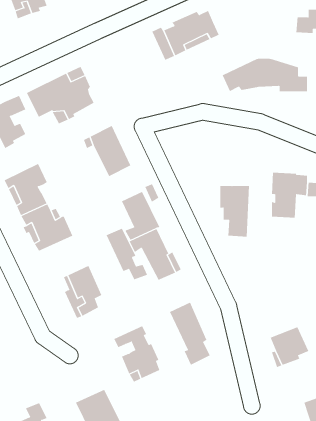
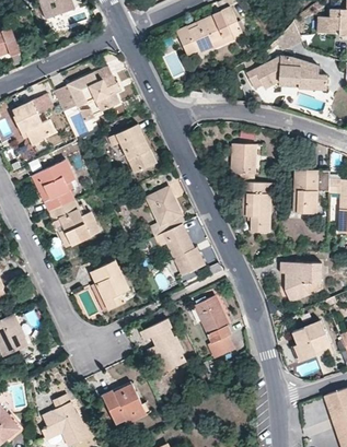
building: none -> [231,144,256,183]
building: [106,228,148,280] -> none
building: none -> [279,261,321,302]

